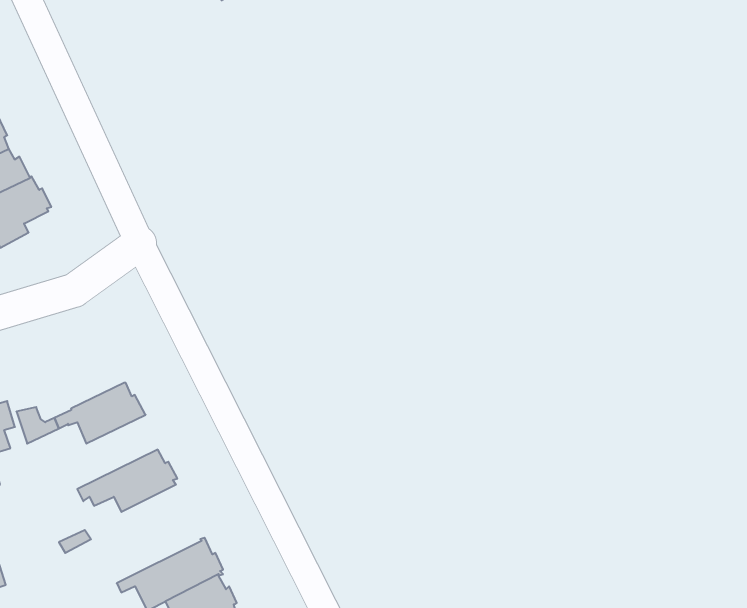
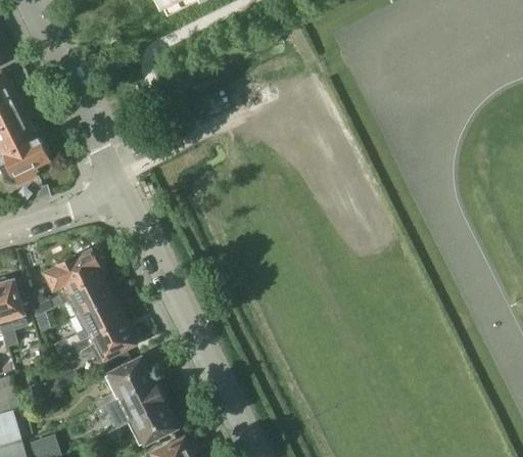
building: none -> [46,248,104,291]
building: none -> [65,295,124,346]
building: none -> [92,357,153,409]

